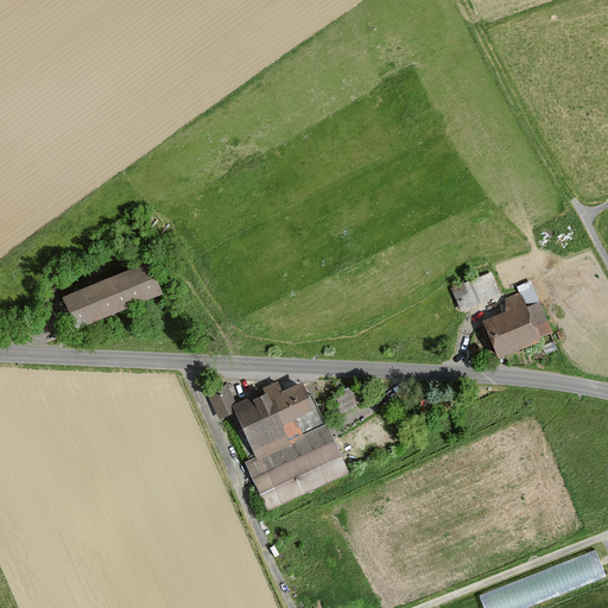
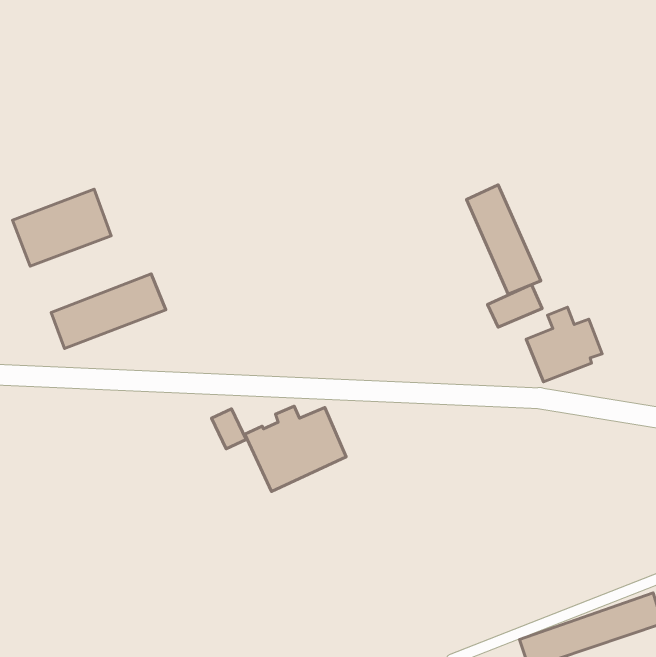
building: none -> [466,185,541,294]
building: none -> [12,189,111,266]
building: [243,425,347,511] -> none

